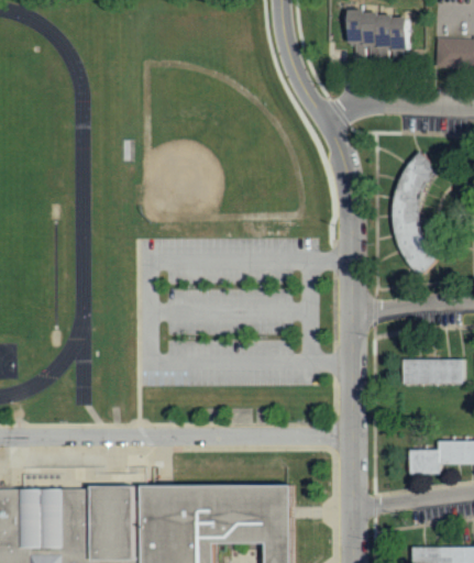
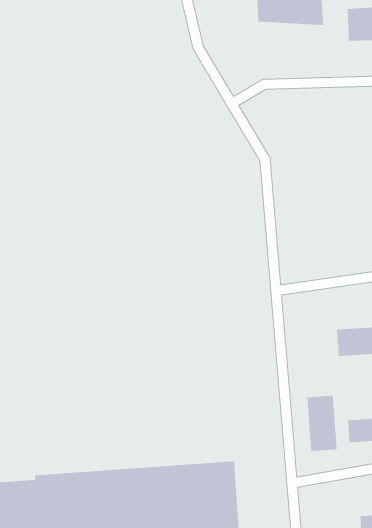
building: [393,152,439,279] -> none
building: none -> [307,395,337,452]

